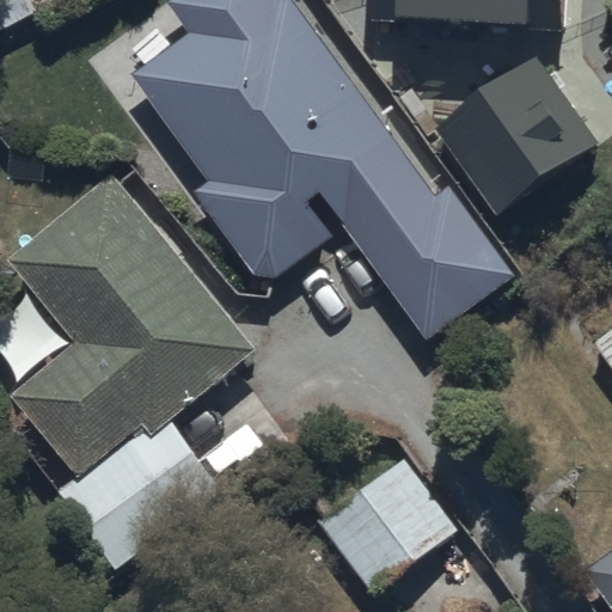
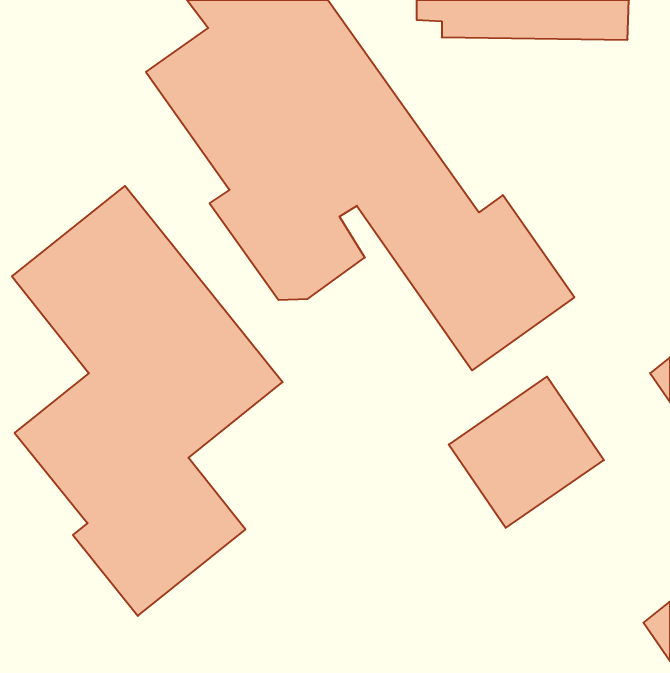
building: [430,49,595,212] -> none
building: [317,455,457,592] -> [449,377,604,528]

